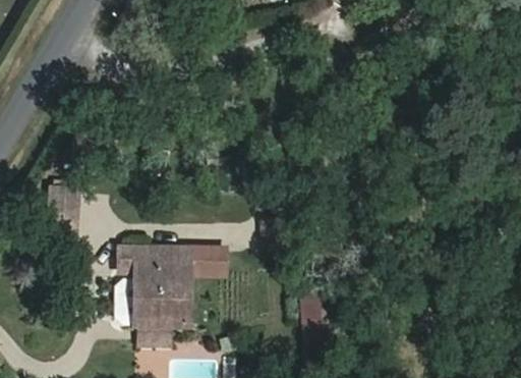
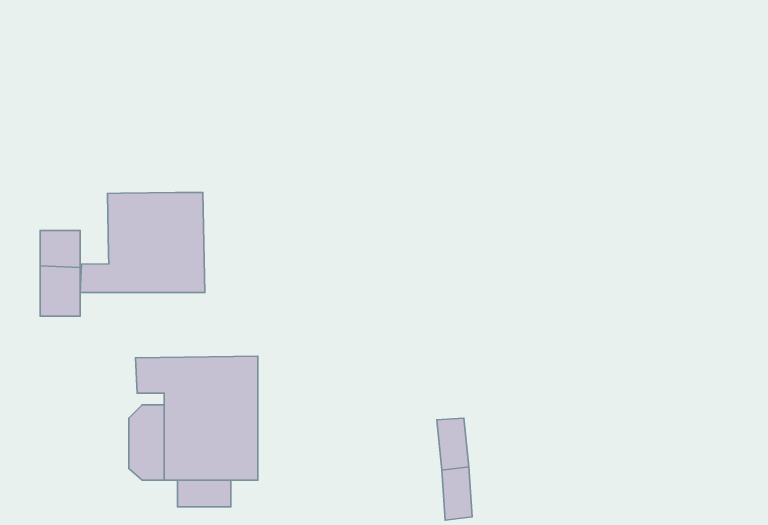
building: none -> [80,192,205,293]
building: [191,248,227,272] -> none

